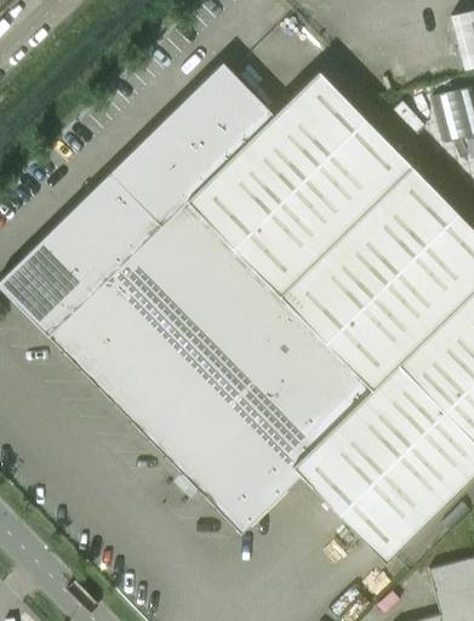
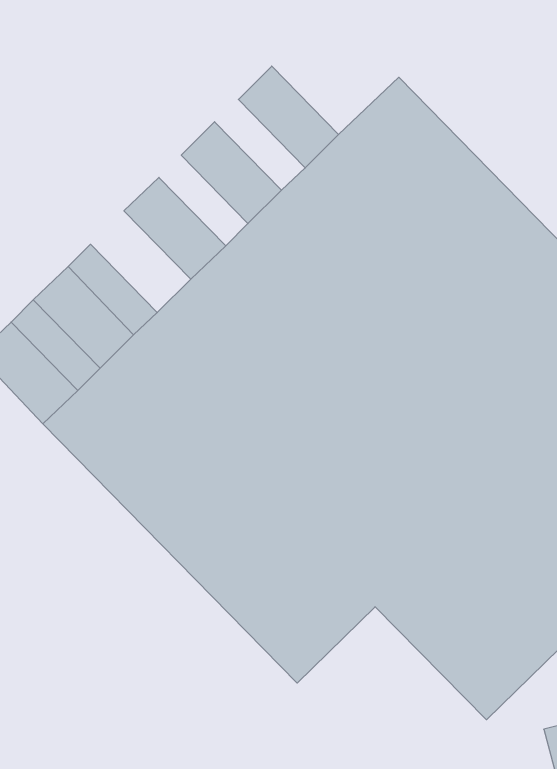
building: [179,89,249,158] -> none
building: [137,131,205,200] -> none
building: [85,173,161,251] -> none

